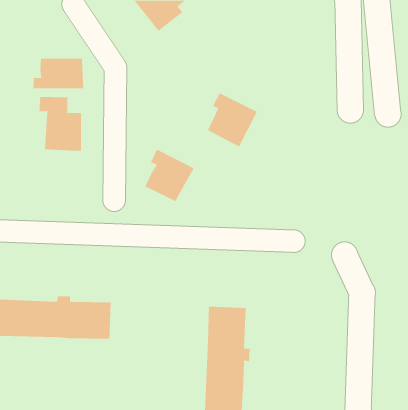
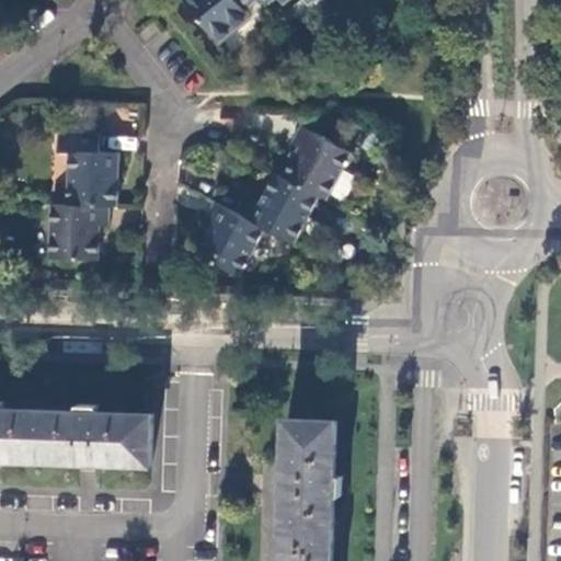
building: [33,58,84,89] -> none
building: none -> [243,174,318,244]
building: none -> [44,205,103,261]

